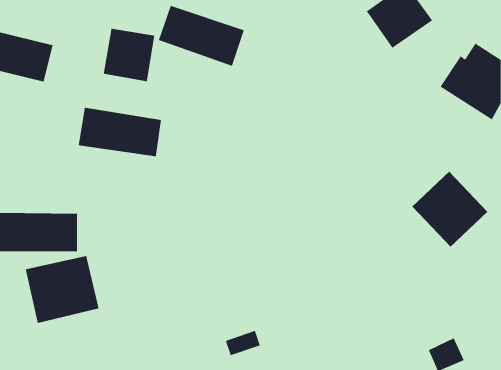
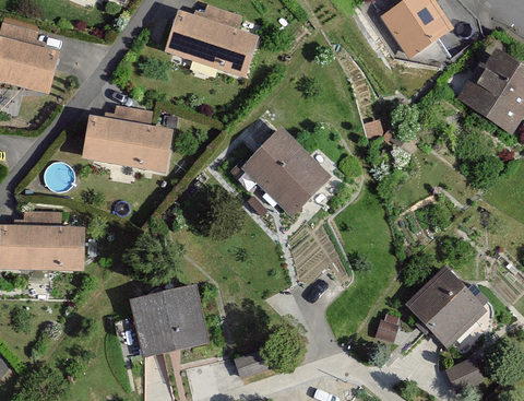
building: [103,28,155,82] -> none
building: none -> [243,128,330,214]
building: [411,171,488,248] -> [406,266,486,345]
building: [25,255,99,324] -> [131,285,209,356]

